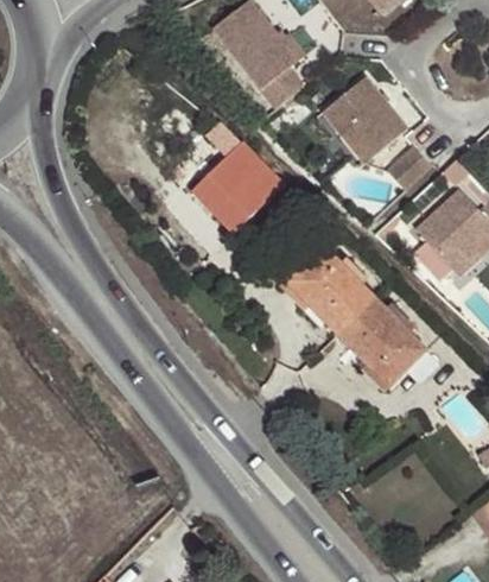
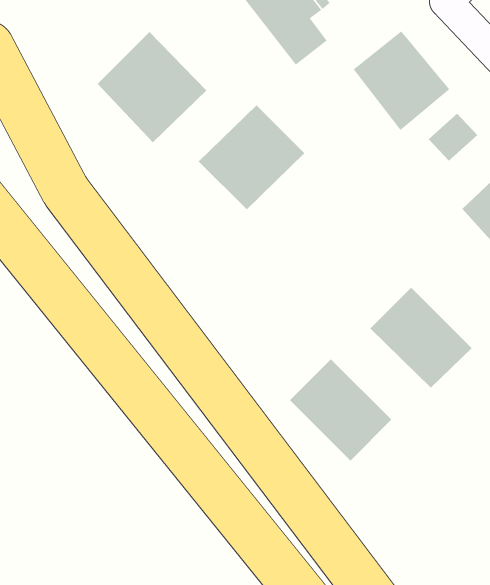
building: none -> [97,31,207,143]
building: [286,246,374,334] -> [289,358,392,461]

